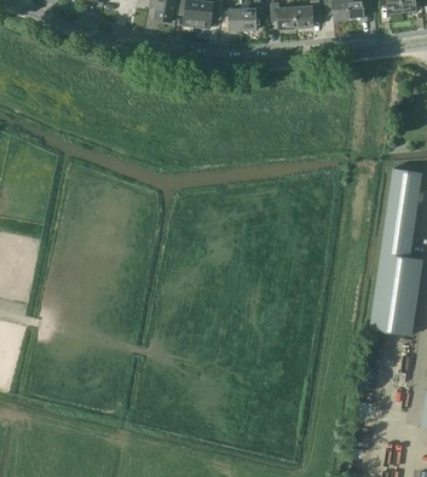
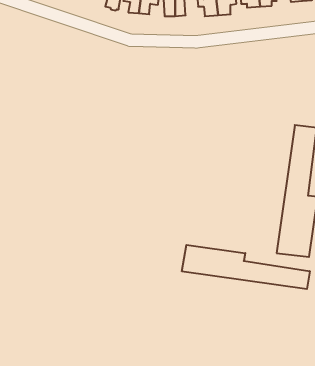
building: none -> [182,245,310,289]

